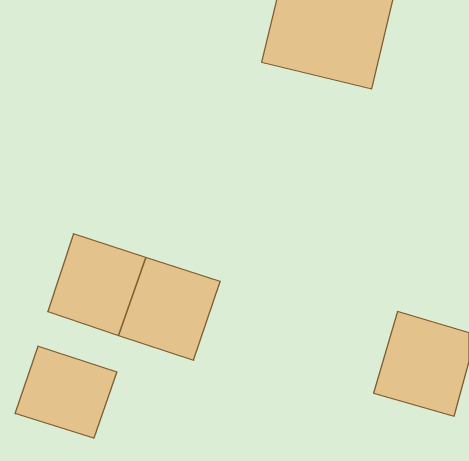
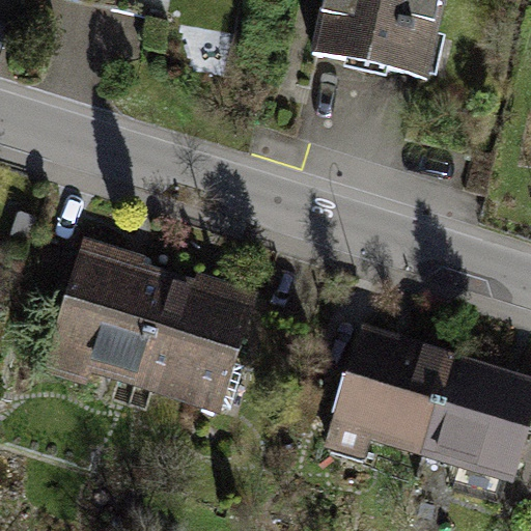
building: none -> [334,328,449,445]
building: [15,346,117,438] -> none

